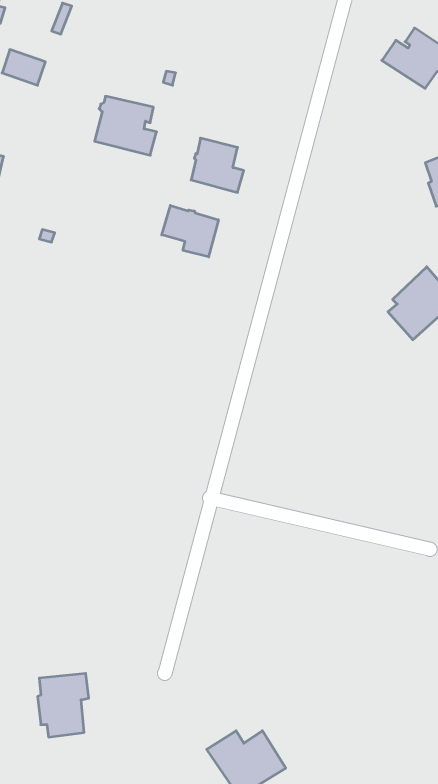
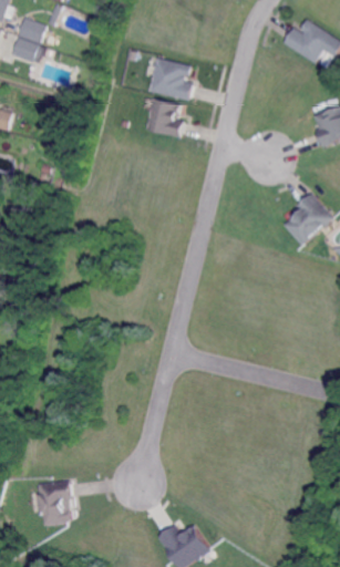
building: none -> [17,17,45,42]
building: [95,96,157,155] -> [148,59,193,101]
building: [162,205,218,257] -> none

